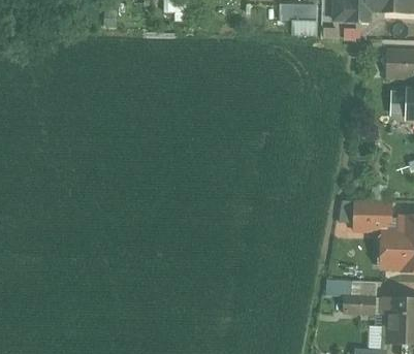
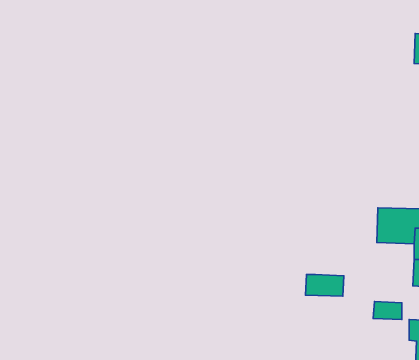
building: [342,295,375,314] -> [305,275,344,296]

